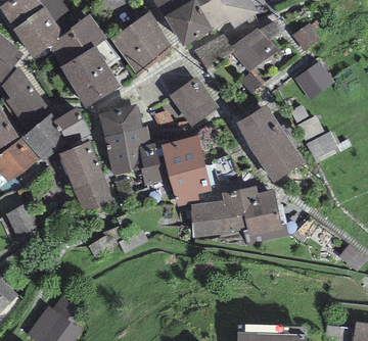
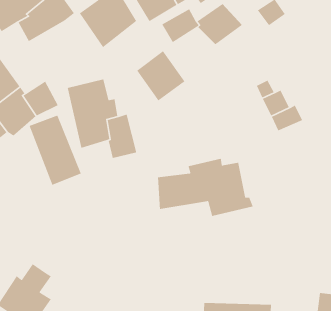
building: [59,39,120,108] -> none
building: [293,61,334,100] -> none
building: [235,104,305,182] -> none
building: [160,135,211,206] -> none

